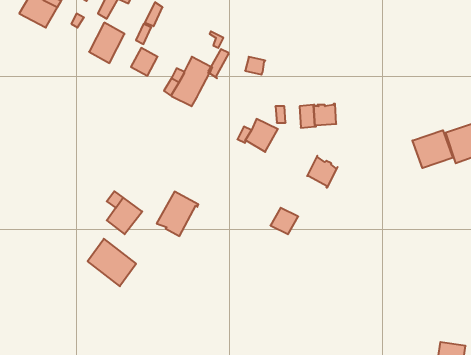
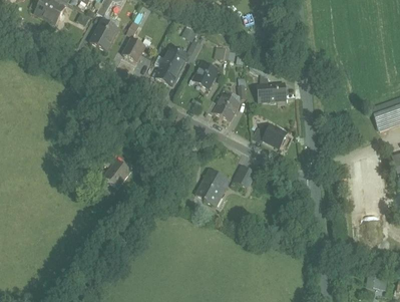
building: none -> [192,61,218,88]
building: [412,130,453,168] -> none
building: [157,192,198,236] -> [195,170,229,205]
building: [88,239,136,286] -> none

